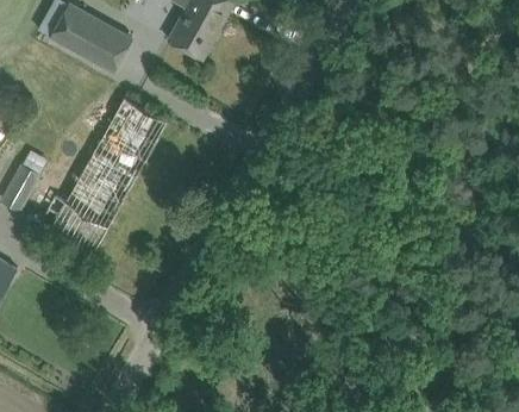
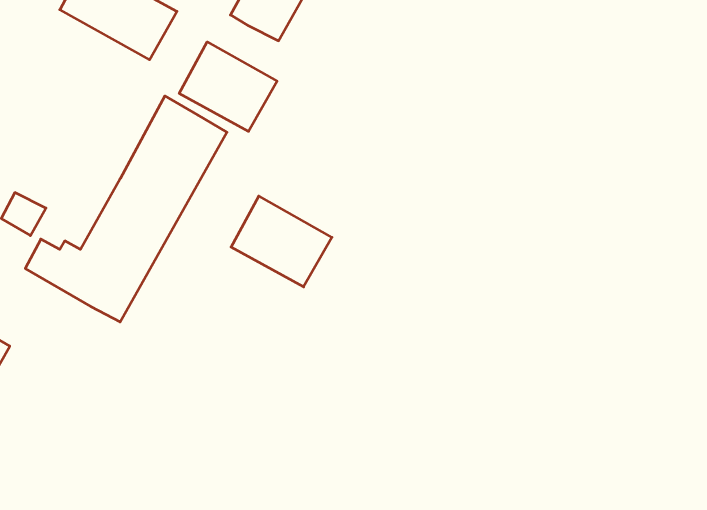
building: none -> [179,42,277,131]
building: none -> [231,196,332,287]

